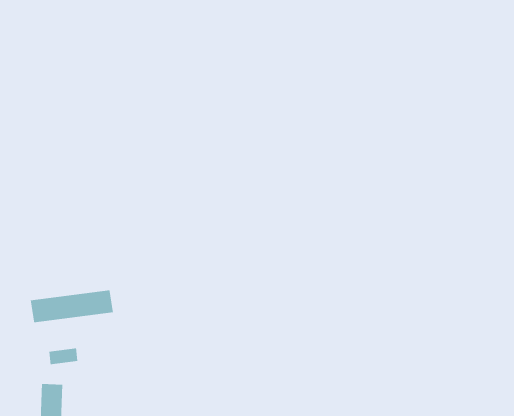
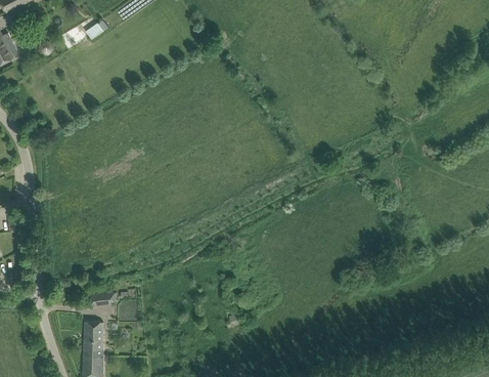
building: [30,289,114,323] -> none

